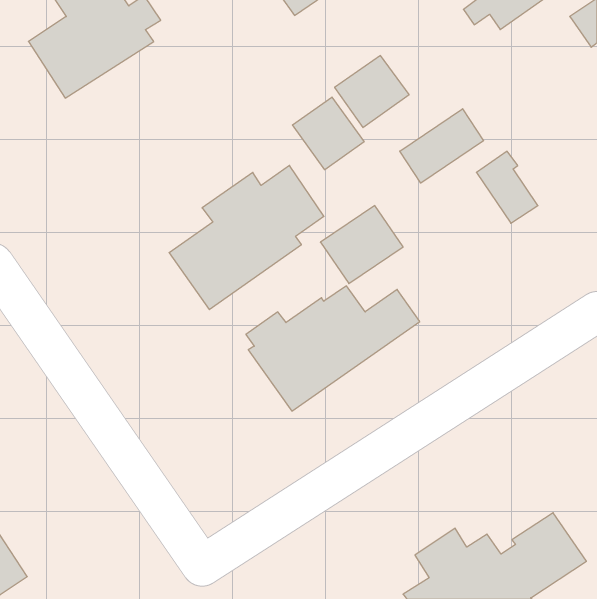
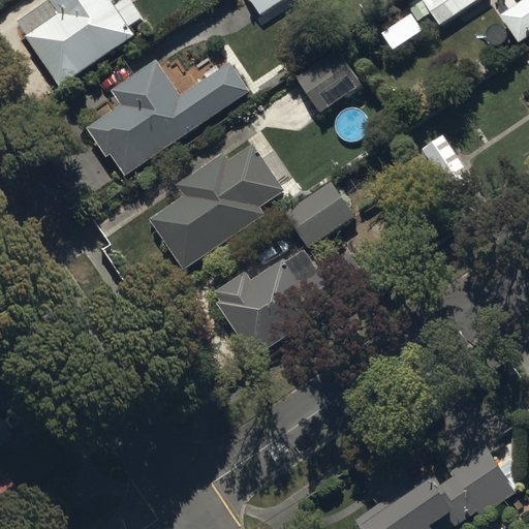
building: none -> [85,59,249,175]
building: [292,97,364,170] -> none
building: [400,109,484,183] -> none

